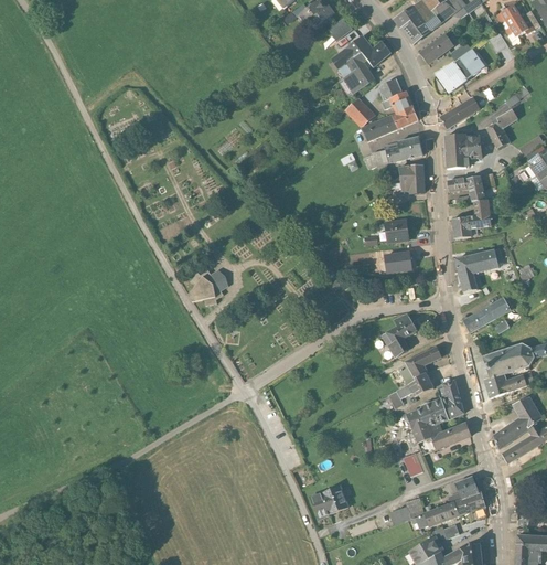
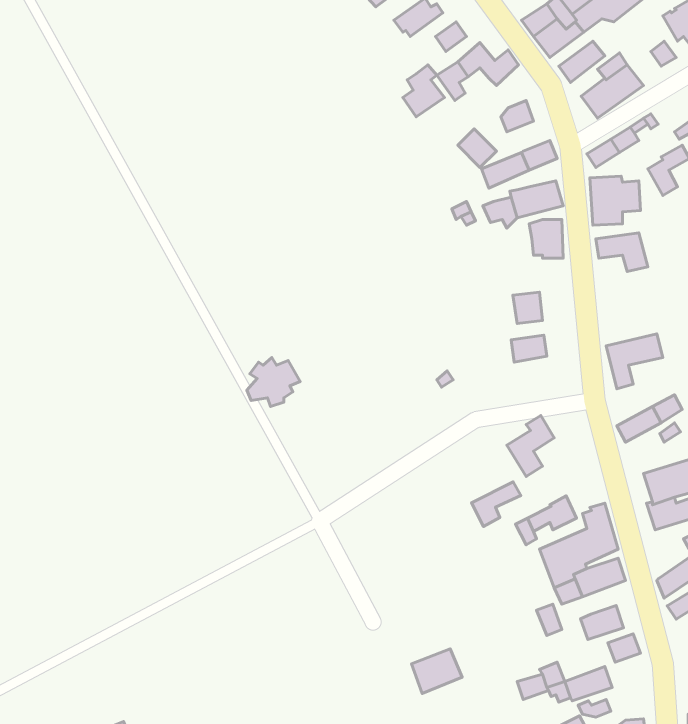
building: [343,53,374,92] -> [403,65,444,117]
building: [382,90,414,115] -> none
building: [451,201,492,239] -> none
building: [405,344,441,377] -> [472,482,521,527]
building: [454,488,486,513] -> [581,605,624,640]

